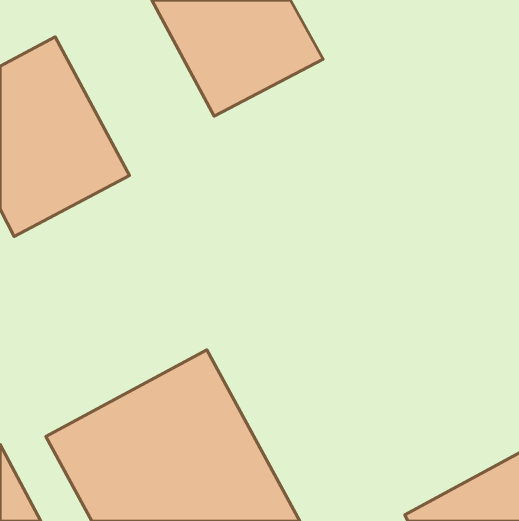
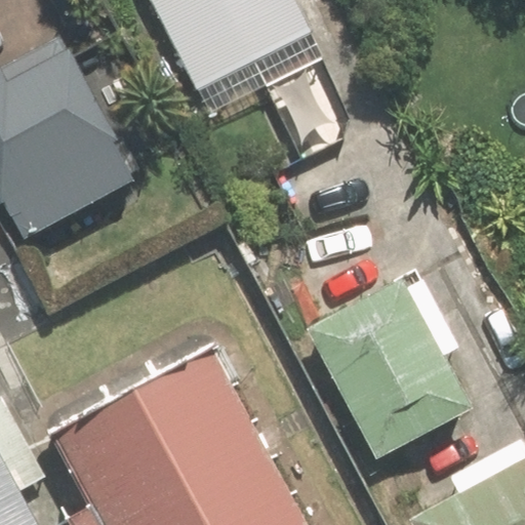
building: none -> [305,274,476,460]

